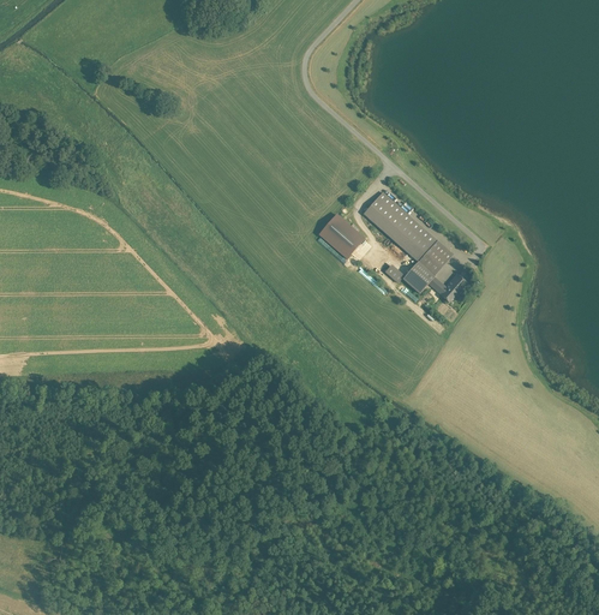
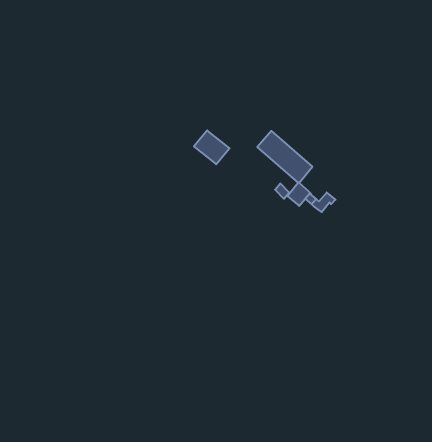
building: [318,213,366,258] -> [194,130,230,164]
building: [418,239,450,273] -> none

